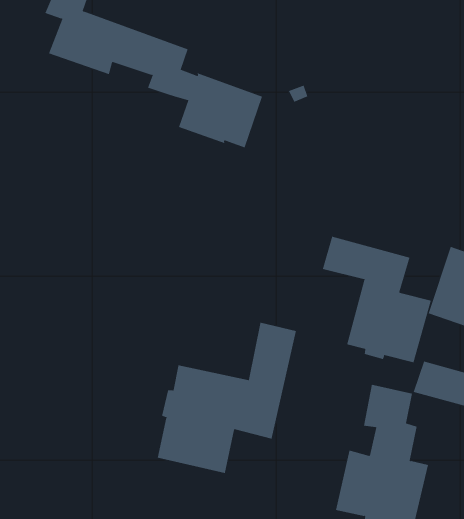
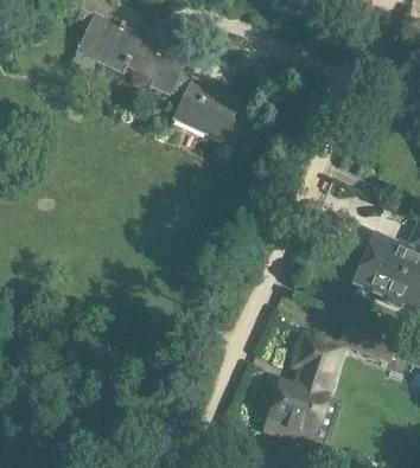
building: [322,236,432,363] -> none
building: [157,322,296,474] -> none

